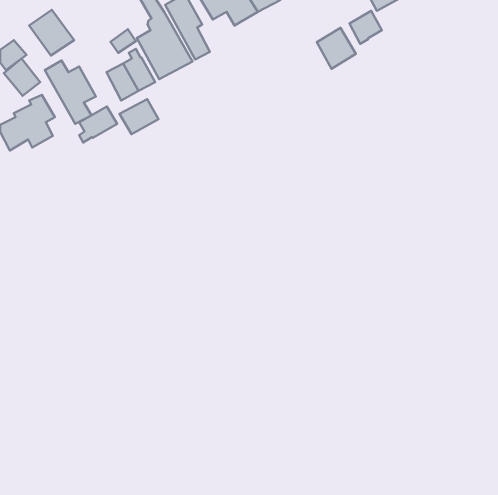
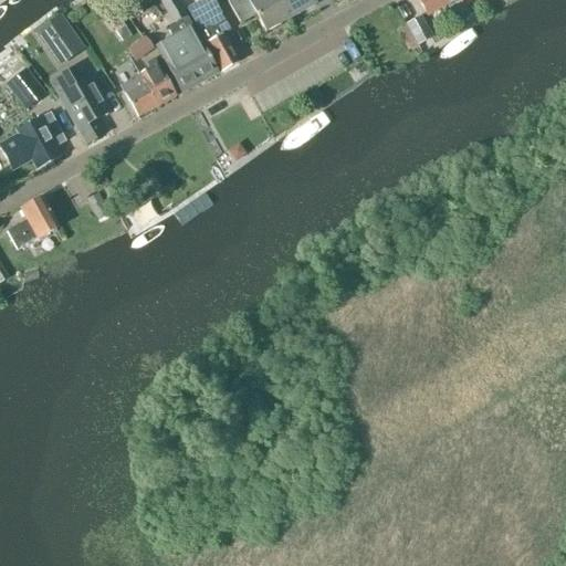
building: [317,28,356,69] -> none
building: [119,99,159,134] -> none
building: [79,107,117,142] -> none
building: none -> [7,193,59,248]

